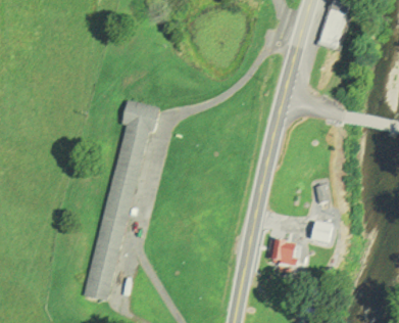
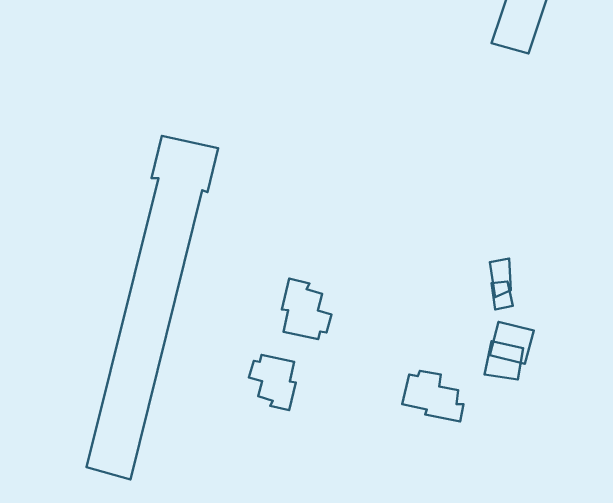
building: none -> [282,279,332,339]
building: none -> [249,355,296,410]

